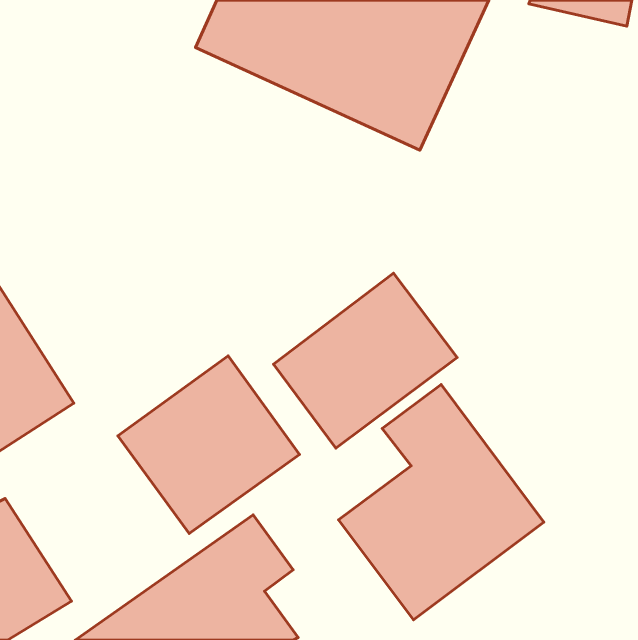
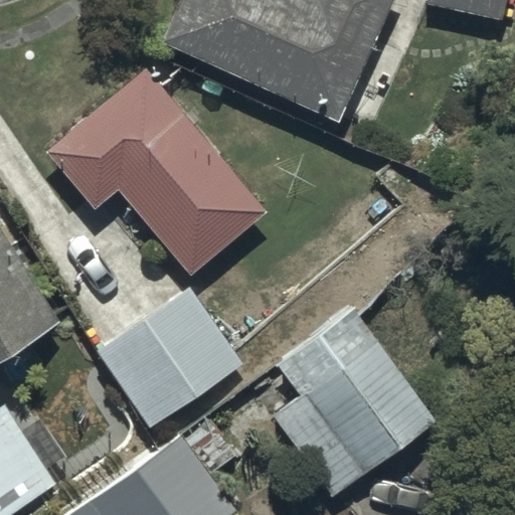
building: none -> [48,68,269,277]
building: [273,273,457,448] -> none

